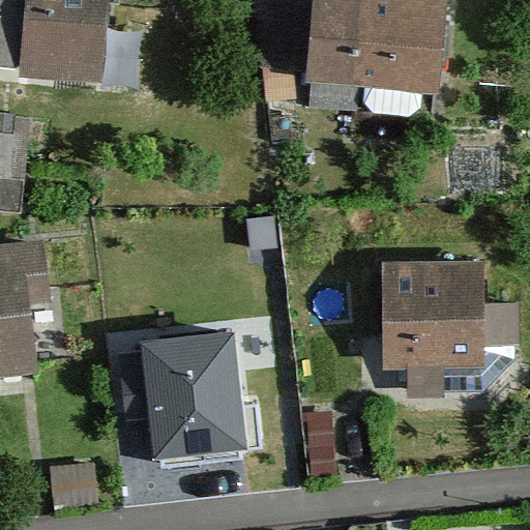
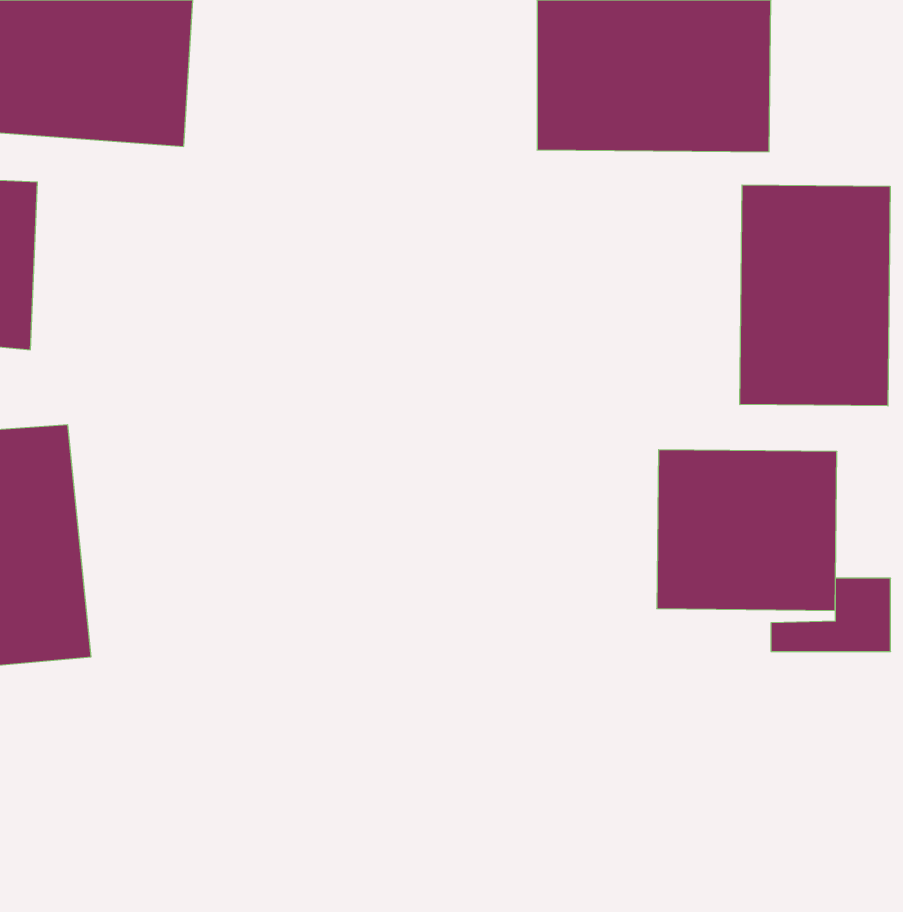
building: none -> [740,185,890,406]
building: [136,331,237,453] -> none

